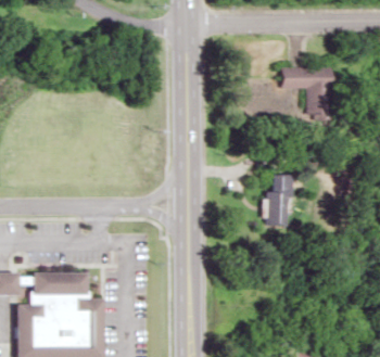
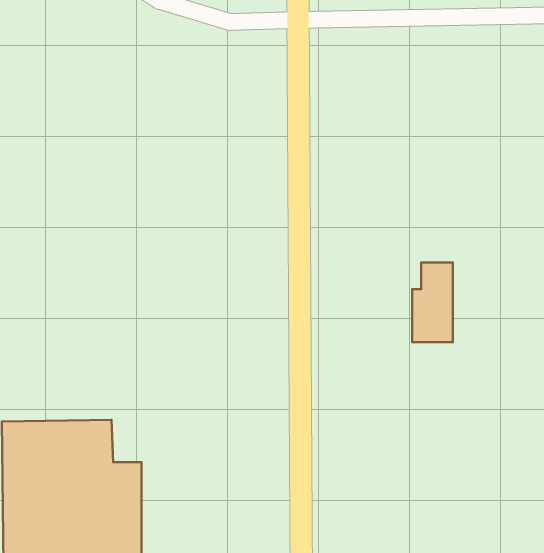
building: [281,67,331,113] -> none

